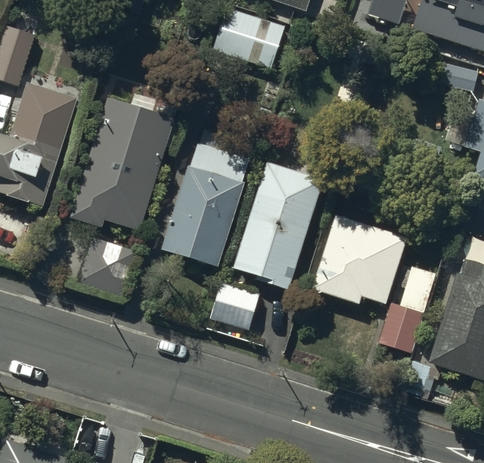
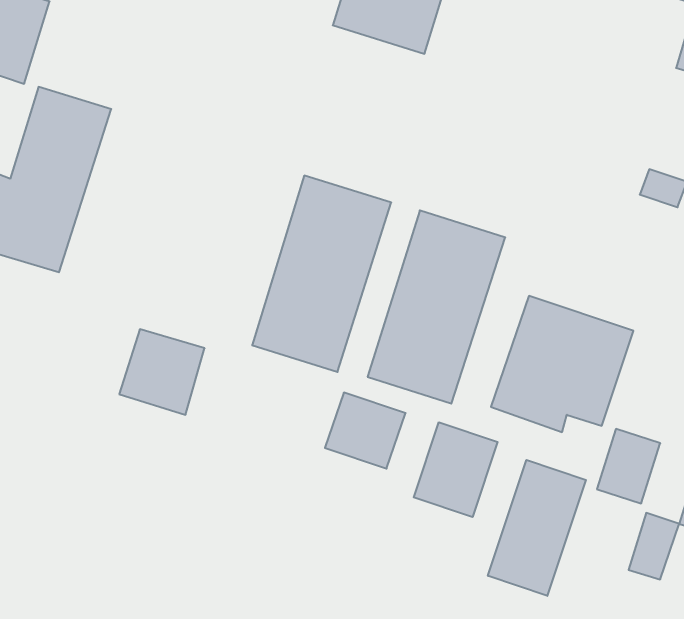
building: [74,100,173,228] -> none
building: none -> [414,422,498,517]
building: none -> [488,460,586,596]

